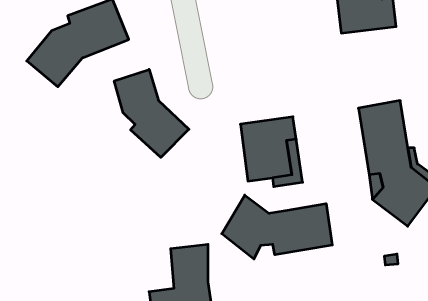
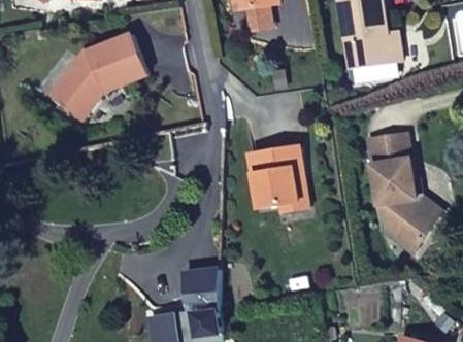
building: [114,69,189,157] -> none
building: [222,195,332,259] -> none

